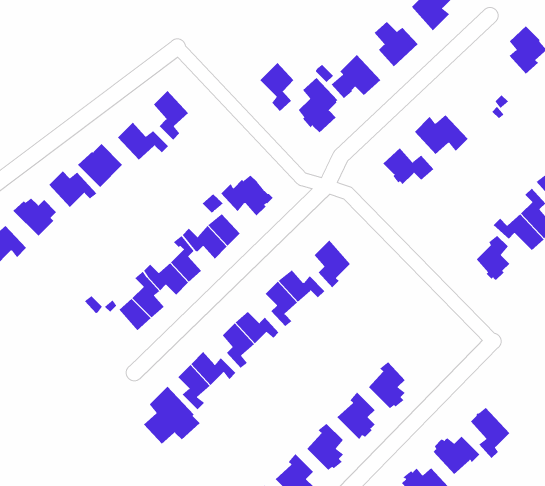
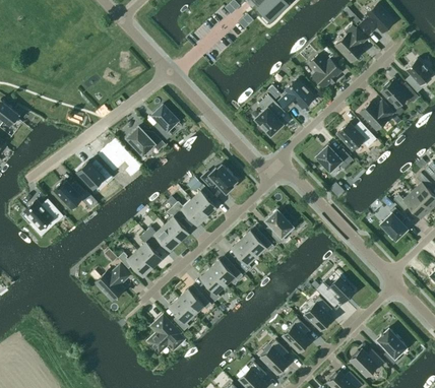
building: none -> [381,80,418,108]
building: [260,62,294,112] -> none
building: none -> [360,101,392,130]
building: none -> [94,262,130,300]
building: none -> [315,276,353,308]

